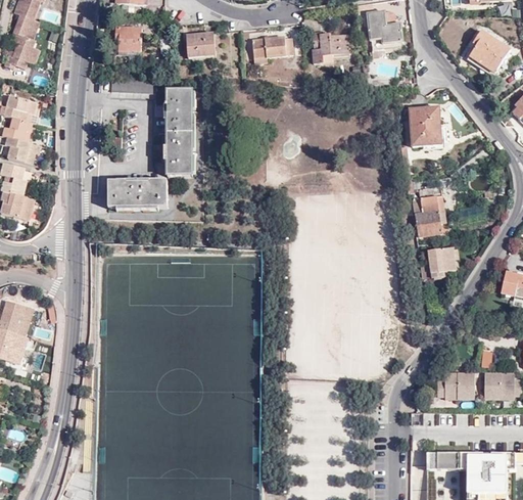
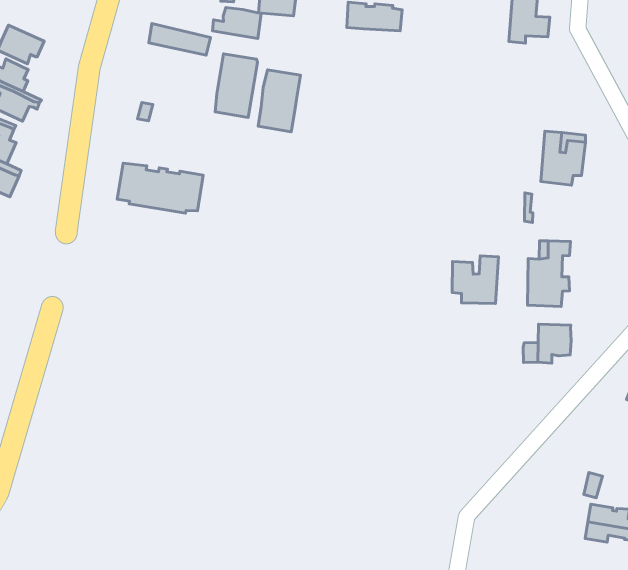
building: [311,33,349,62] -> none
building: none -> [212,7,261,38]
building: [168,134,193,176] -> [258,70,301,132]
building: none -> [452,256,499,303]
building: [438,372,476,398] -> none

